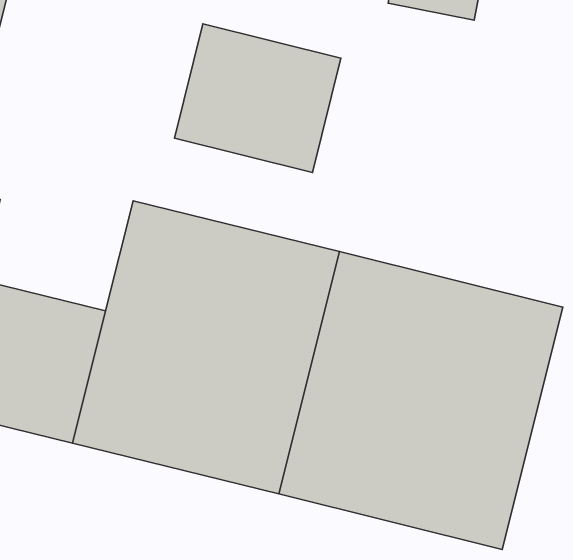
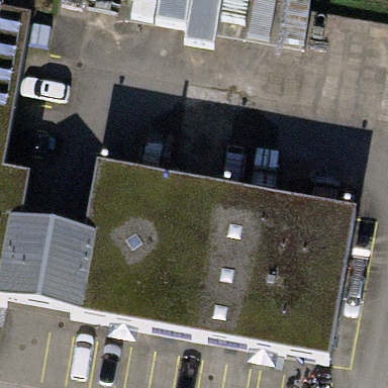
building: [174,24,341,173] -> none

